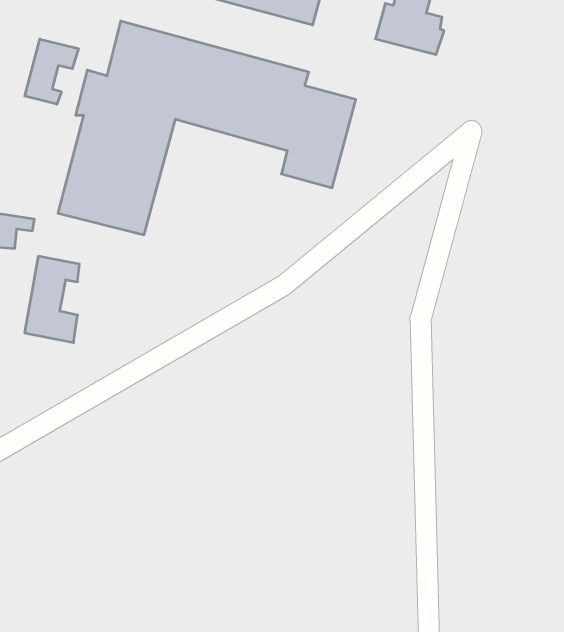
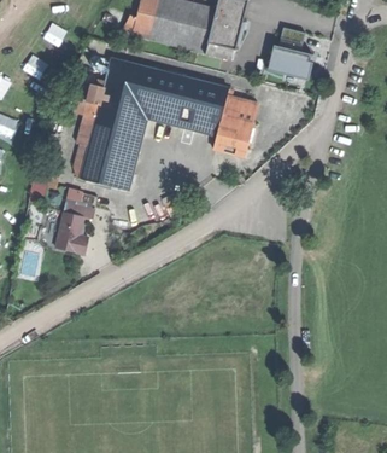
building: [25,39,78,104] -> none

